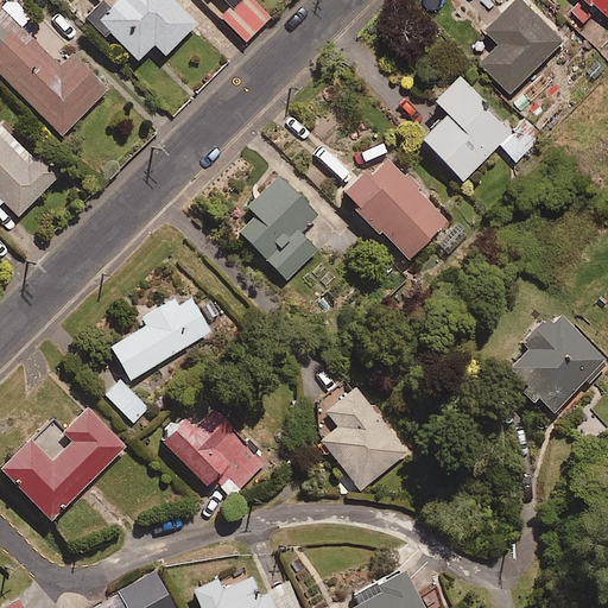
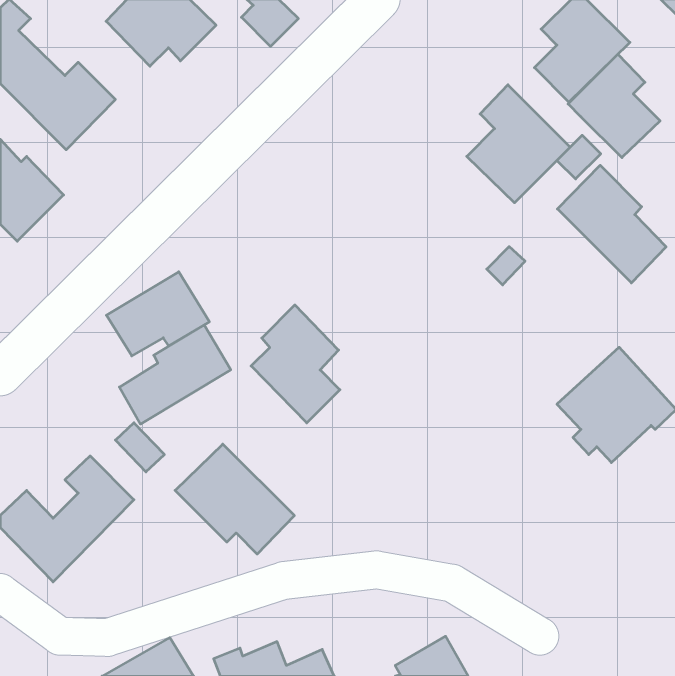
building: none -> [568,54,660,158]
building: none -> [557,165,666,283]
building: [342,156,446,261] -> none
building: [238,175,317,280] -> [251,305,340,423]
building: none -> [106,272,209,356]
building: [318,385,407,489] -> none

